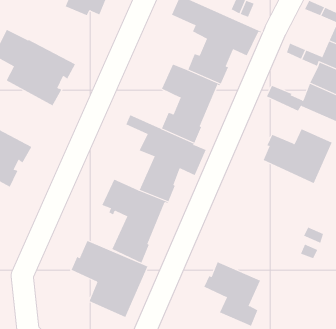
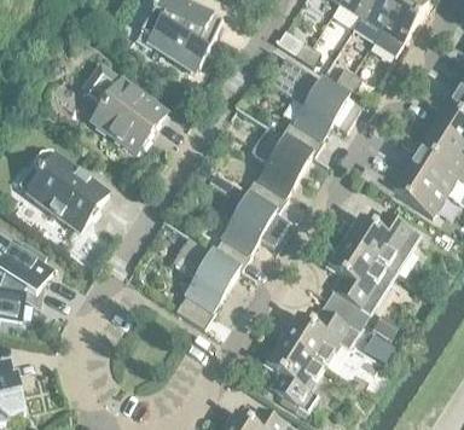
building: none -> [325,242,394,314]
building: none -> [282,313,358,366]
building: [71,240,148,318] -> none

